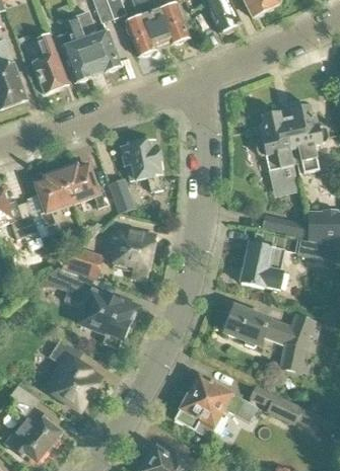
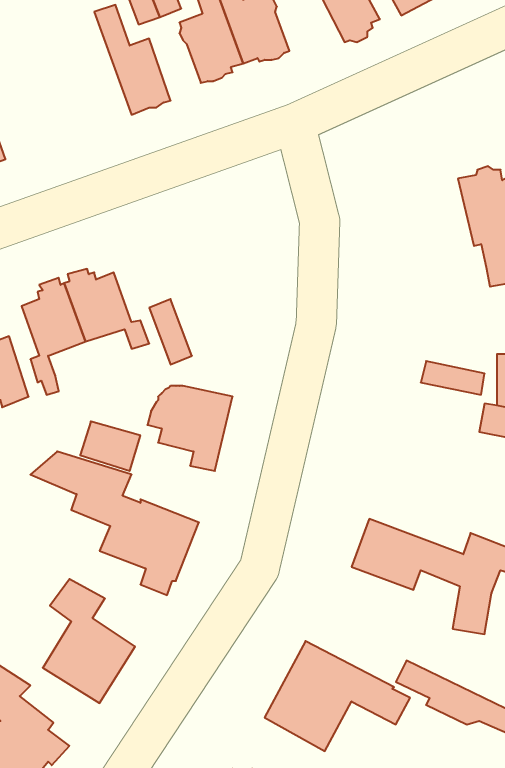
building: [58,14,97,81] -> none
building: [32,33,67,92] -> none
building: [255,109,295,182] -> none
building: [121,139,162,190] -> none
building: [241,240,284,288] -> none

